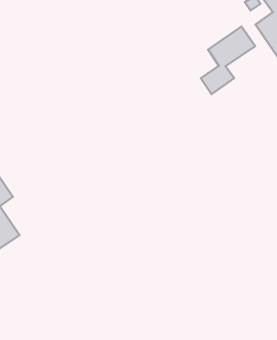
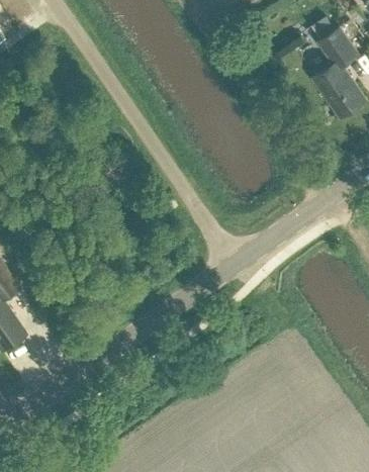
building: [201,26,255,94] -> none

